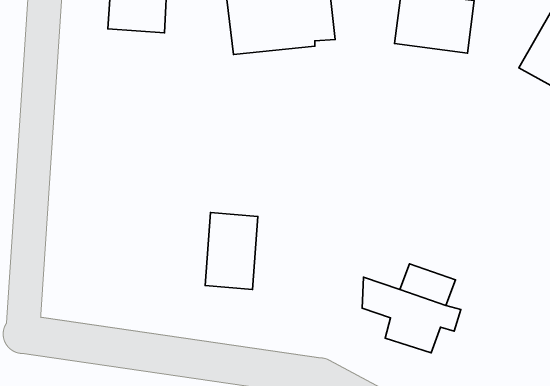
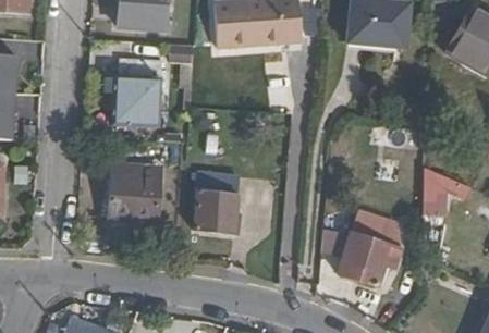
building: none -> [110,54,162,125]
building: none -> [113,162,162,221]
building: none -> [418,173,465,213]

